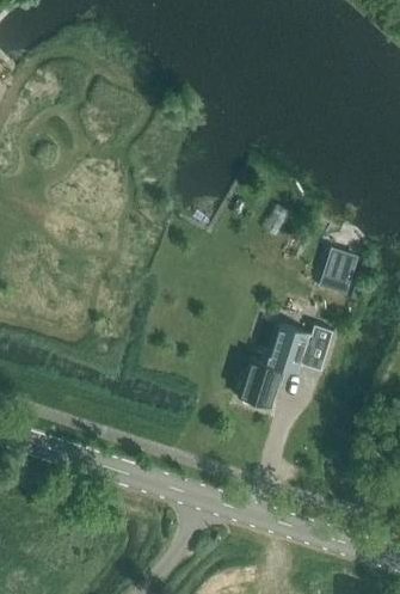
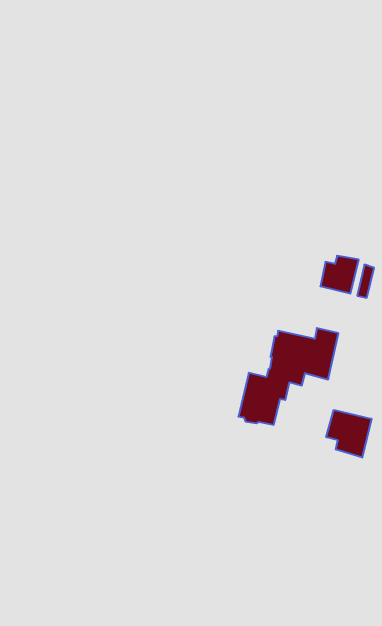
building: none -> [326,410,371,458]

